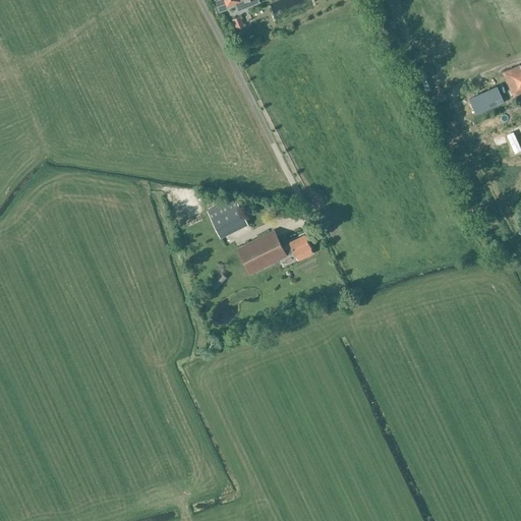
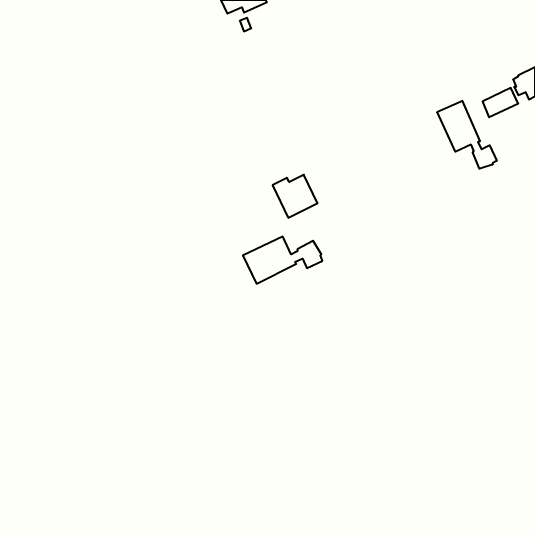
building: none -> [437,101,497,169]
building: [206,196,249,238] -> [273,175,318,218]

